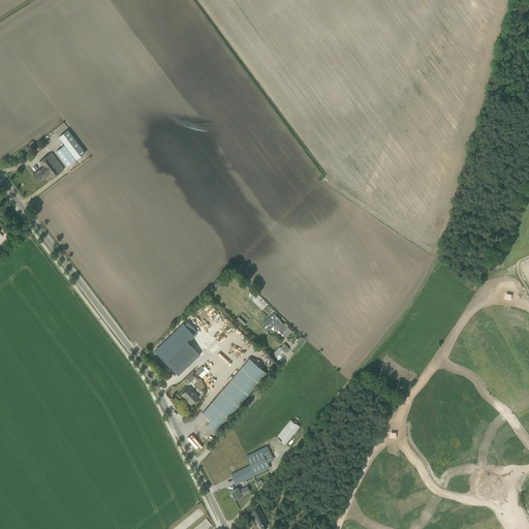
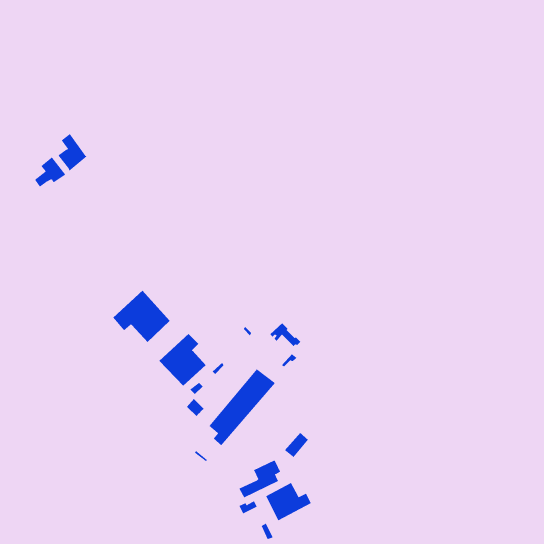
building: none -> [112,290,170,343]
building: none -> [266,482,311,521]

